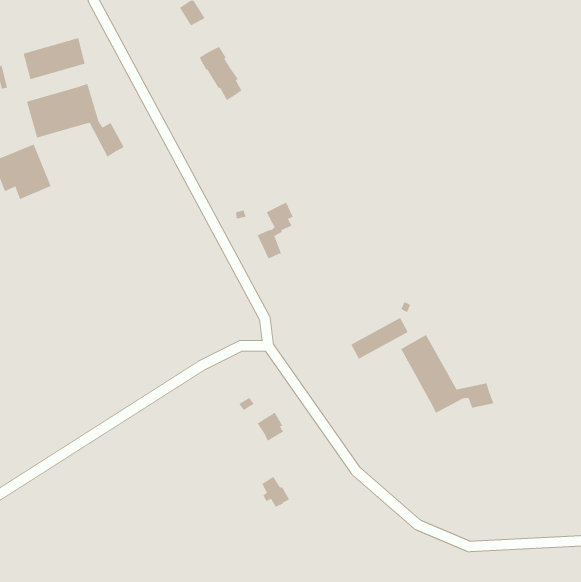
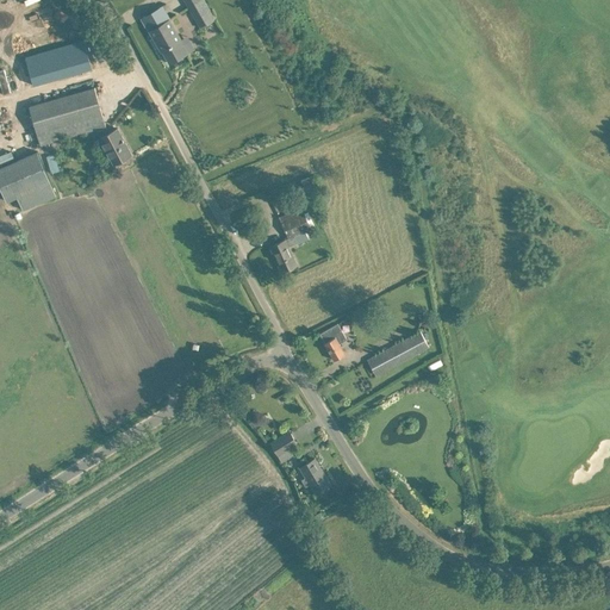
building: [199,46,242,101] -> [139,7,185,64]
building: none -> [318,324,346,361]
building: [400,334,494,414] -> none
building: [261,475,290,508] -> [298,459,328,493]

